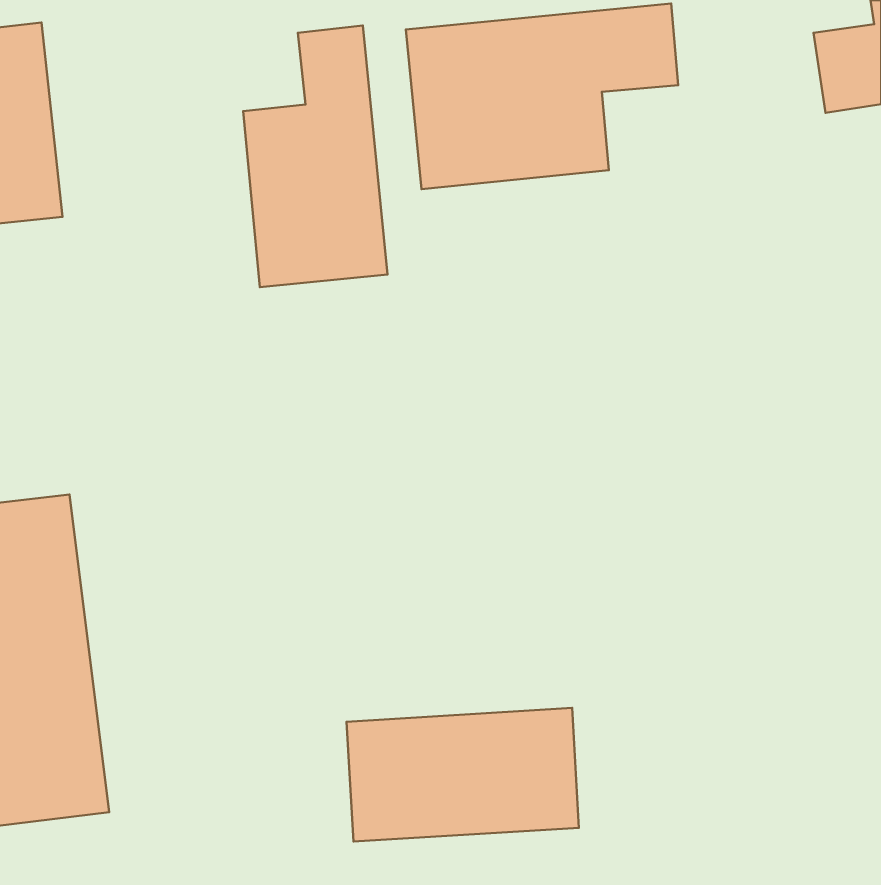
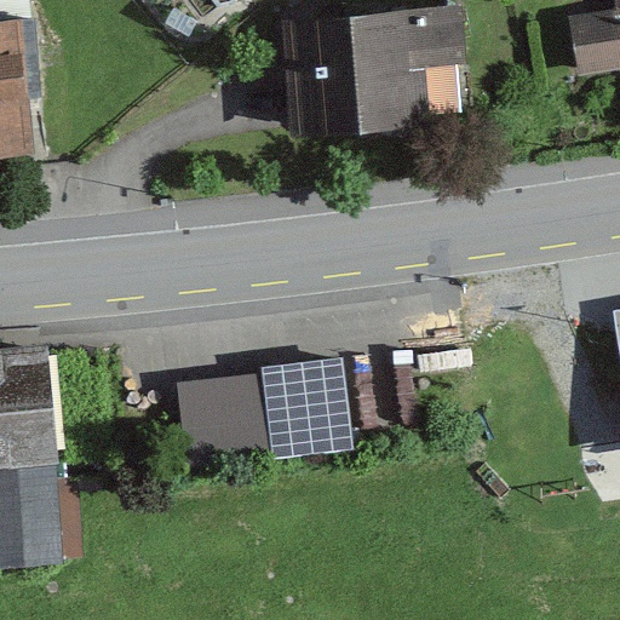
building: [243,26,387,287] -> none
building: [347,708,579,842] -> [178,366,340,459]

